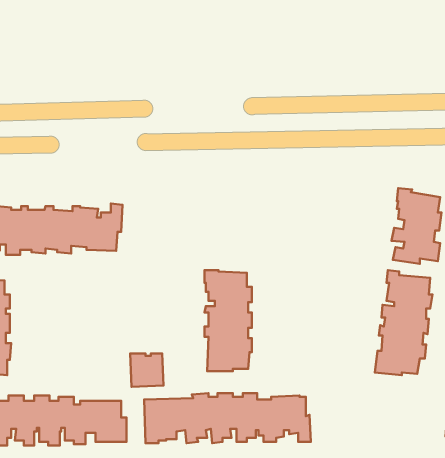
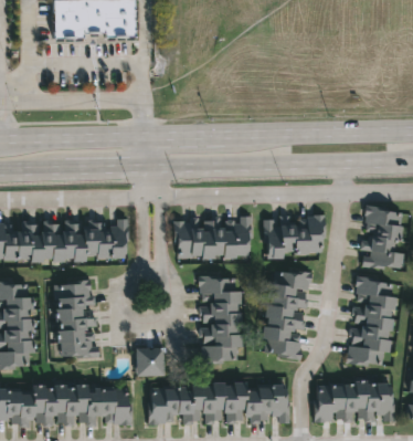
building: none -> [263,213,327,259]
building: none -> [172,217,252,259]
building: none -> [261,267,311,359]
building: none -> [53,279,97,358]
building: none -> [314,379,394,422]

